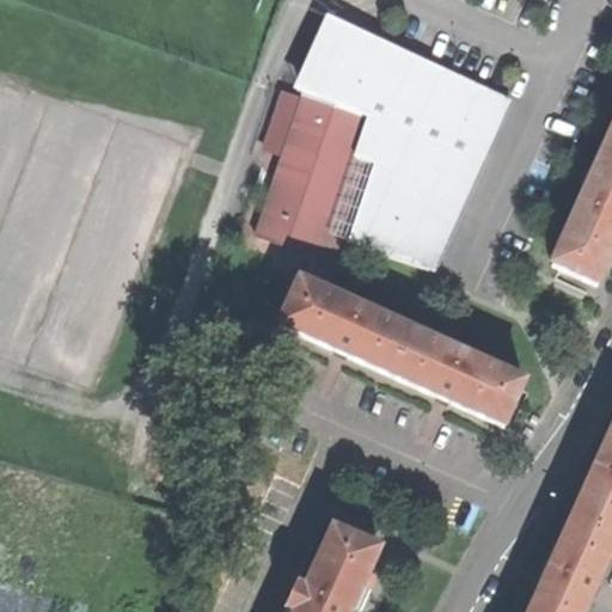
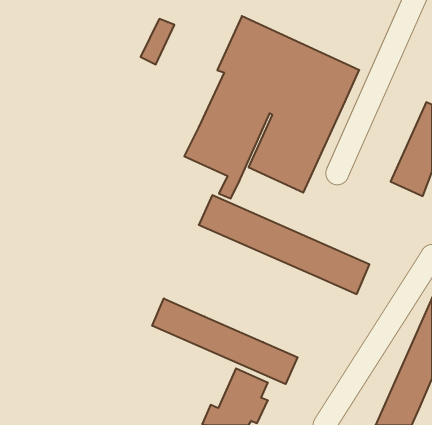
building: [269,94,317,159] -> [141,19,174,64]
building: none -> [152,298,298,384]

